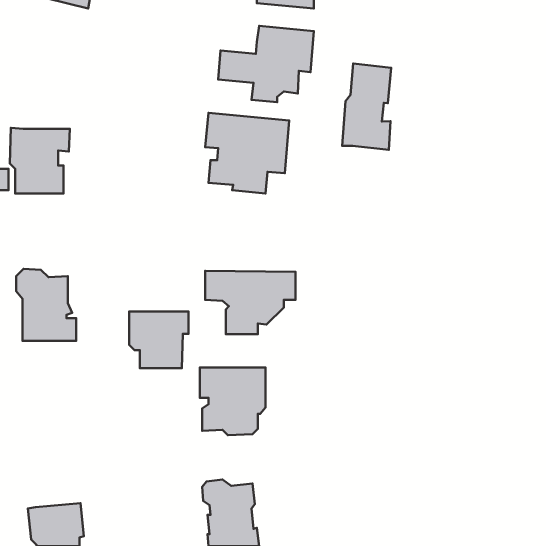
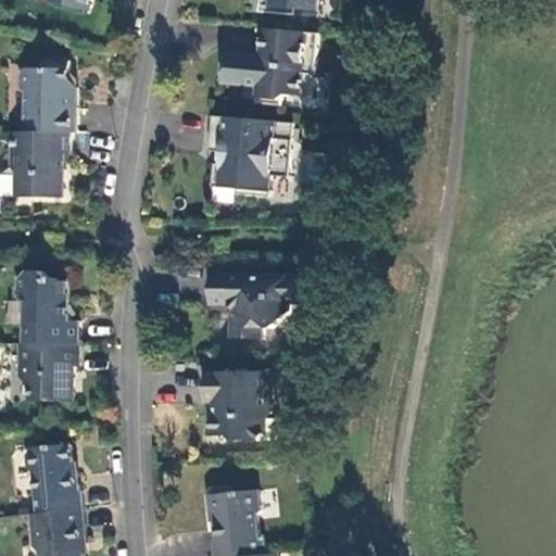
building: none -> [20,59,76,130]
building: [342,64,391,150] -> none
building: [129,311,188,368] -> [17,344,77,402]
building: none -> [24,444,81,513]

